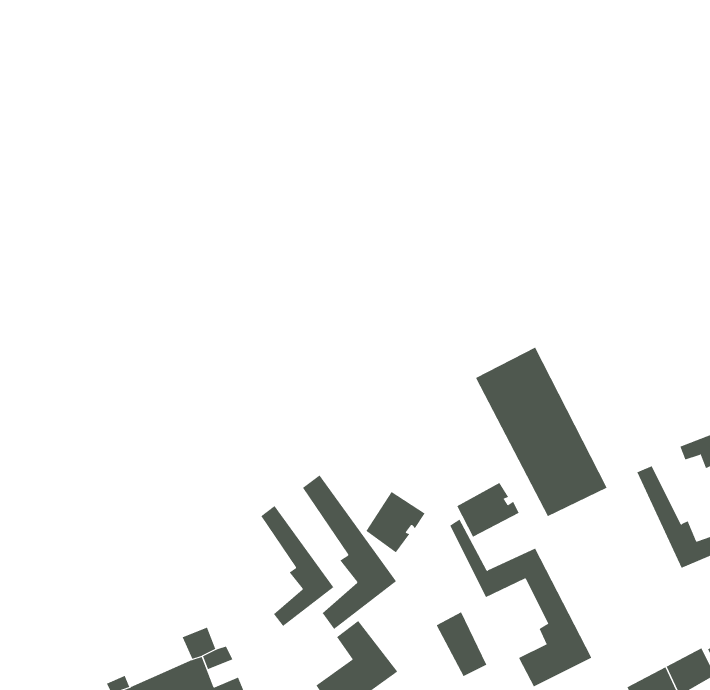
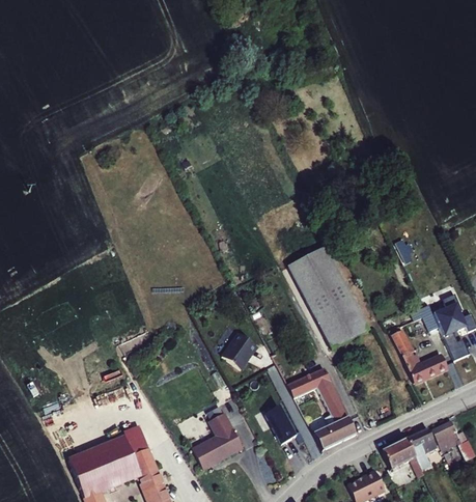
building: [302,474,397,630] -> none
building: [456,482,520,537] -> none
building: [260,505,334,627] -> none

